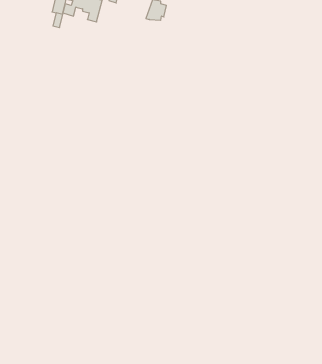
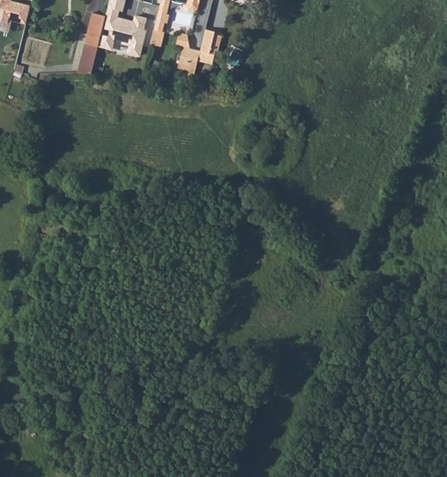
building: none -> [174,34,197,65]

